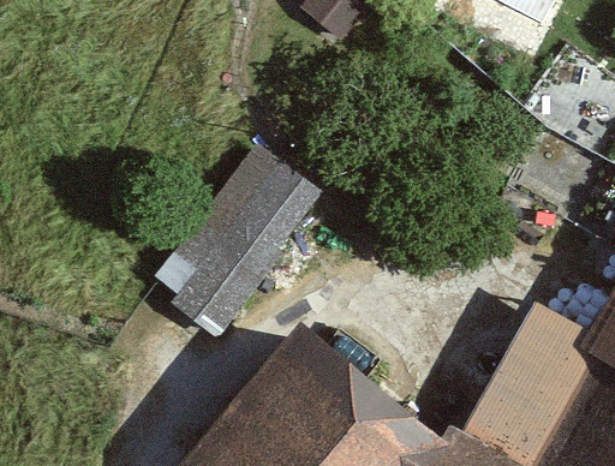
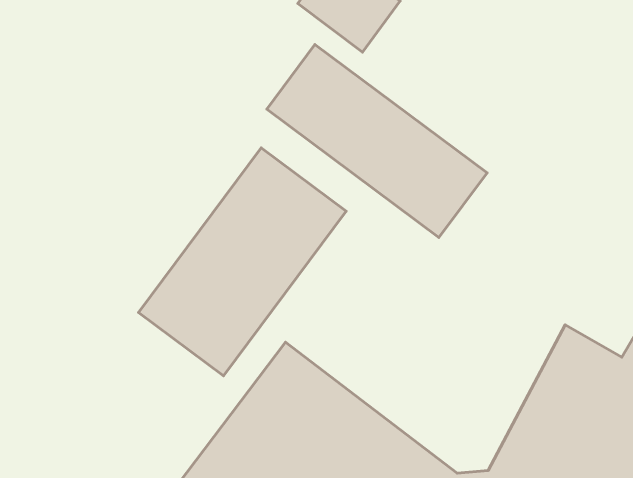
building: none -> [267,45,487,238]

